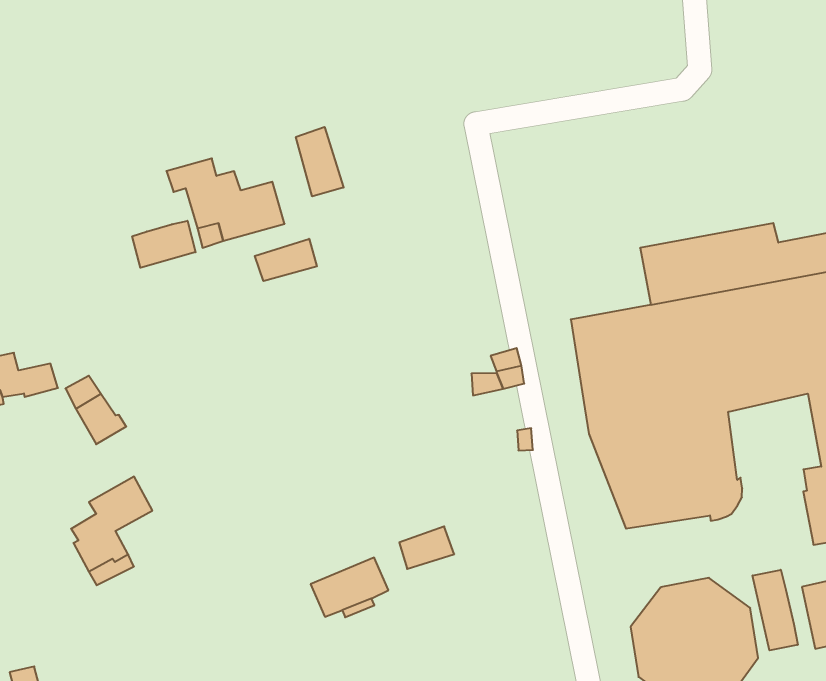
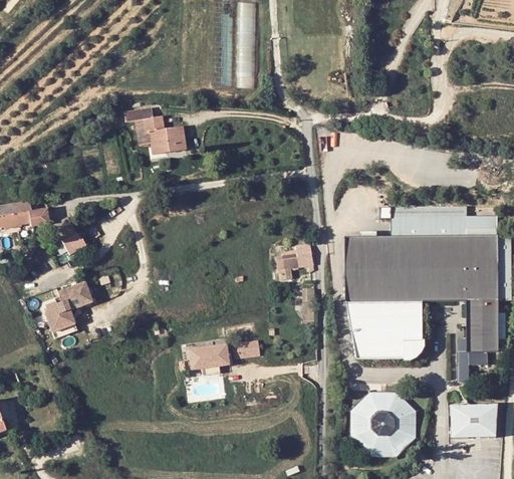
building: [296,127,344,196] -> none
building: [132,221,196,268] -> none
building: [255,239,317,281] -> none
building: [753,570,798,650] -> none

